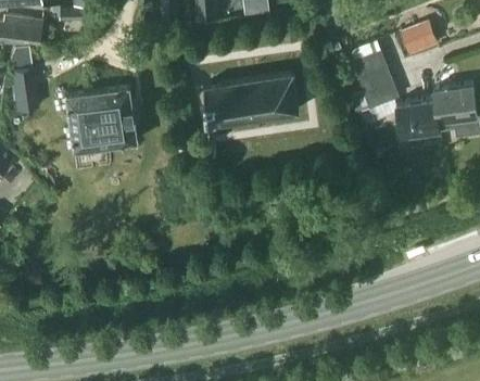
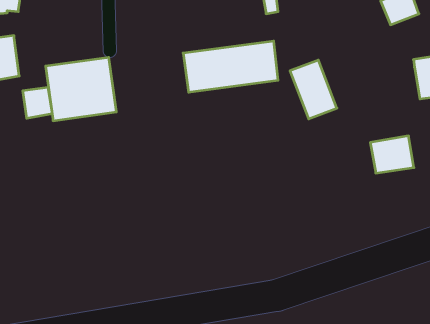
building: [352,49,399,107] -> [290,60,337,119]
building: [394,98,438,135] -> [370,136,414,173]
building: none -> [23,87,52,118]

